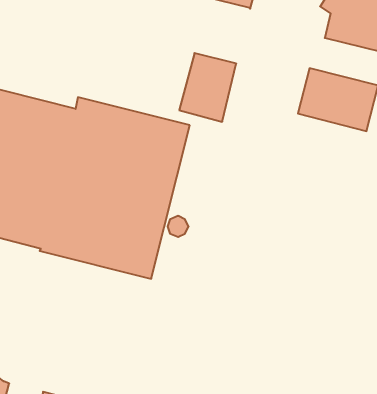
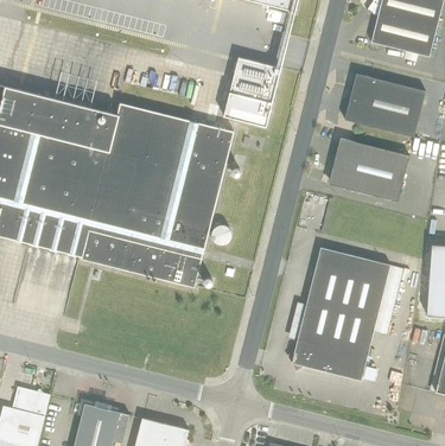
building: none -> [329,136,409,200]
building: none -> [287,247,403,380]

